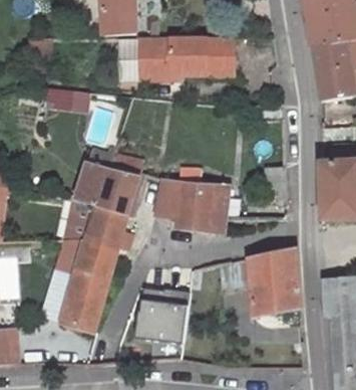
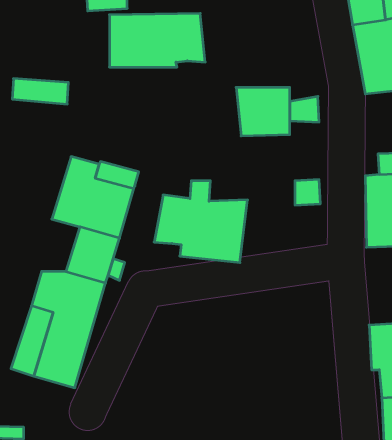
building: [191,37,233,75] -> [236,87,290,136]
building: [66,199,96,240] -> none
building: [247,248,300,316] -> none
building: [137,298,189,343] -> none

